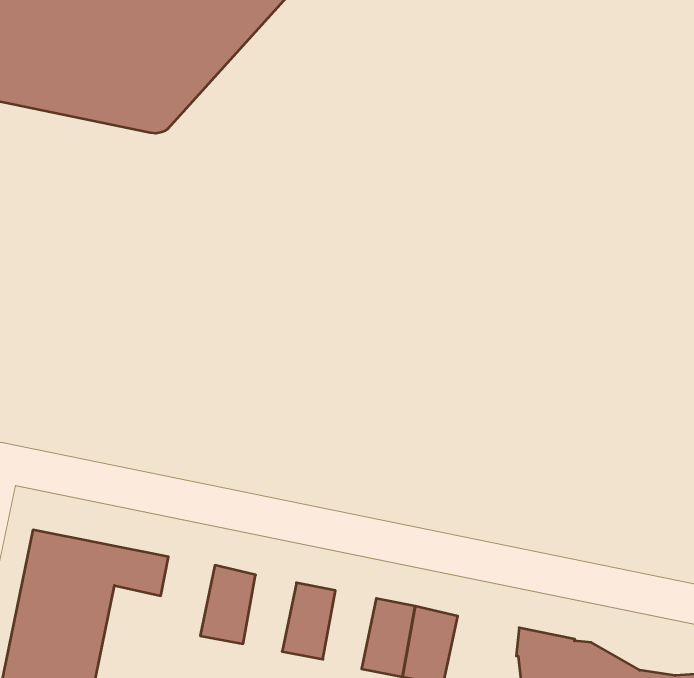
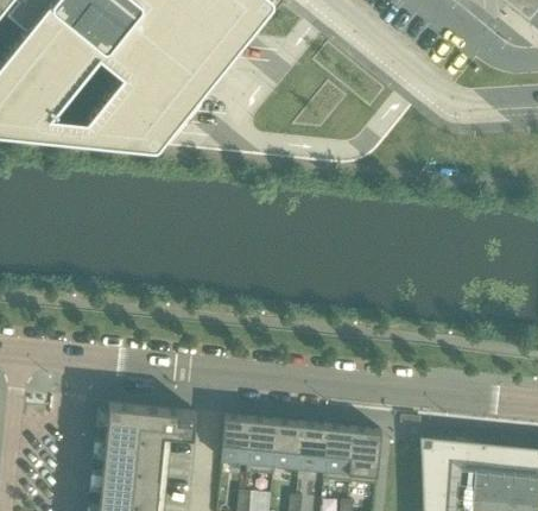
building: none -> [247,418,277,465]
building: none -> [298,423,328,471]

